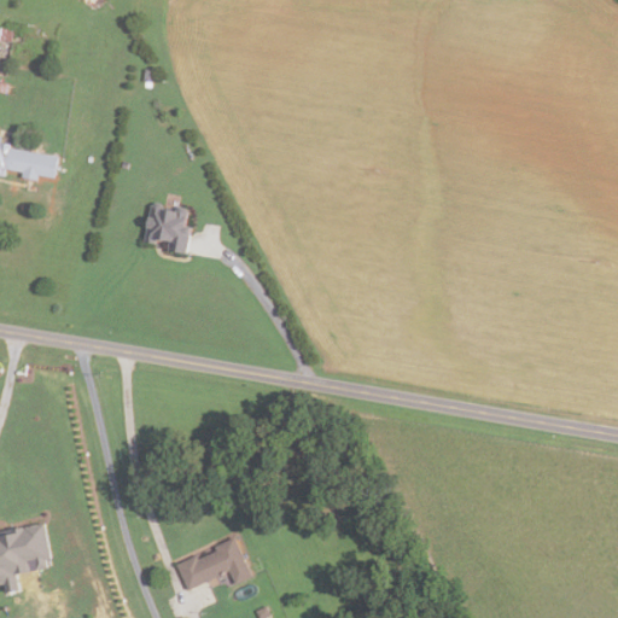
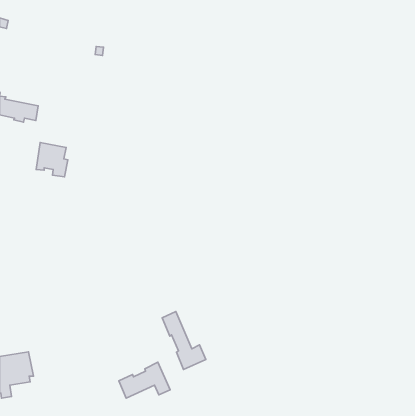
building: [142,203,190,253] -> [36,143,68,177]
building: none -> [162,312,206,369]

